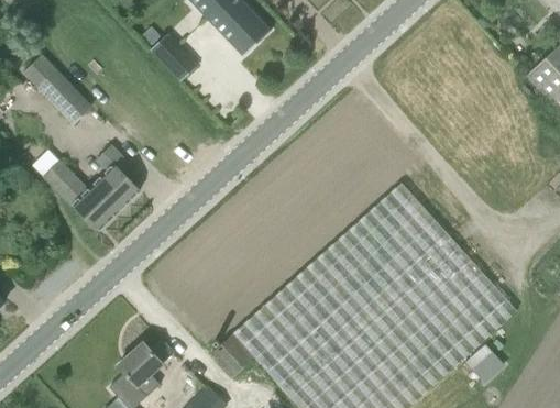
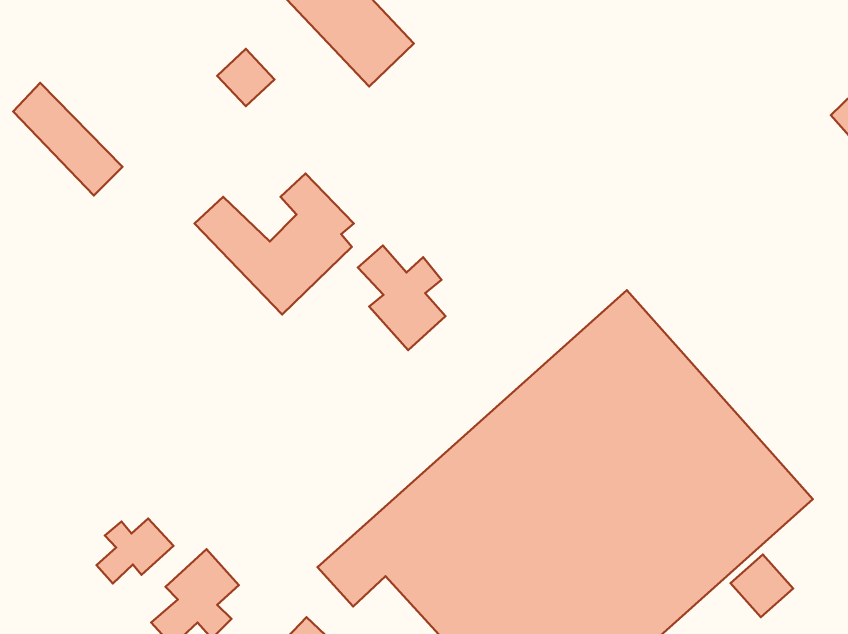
building: [43,144,141,231] -> [195,173,354,315]
building: none -> [358,246,446,350]
building: none -> [96,518,174,583]

